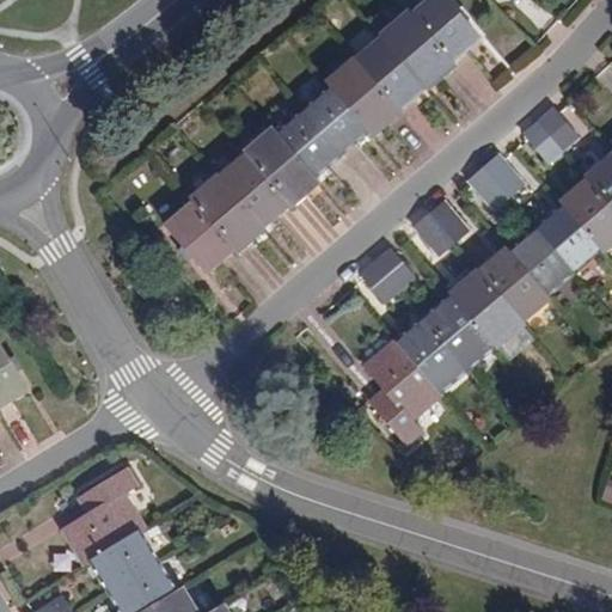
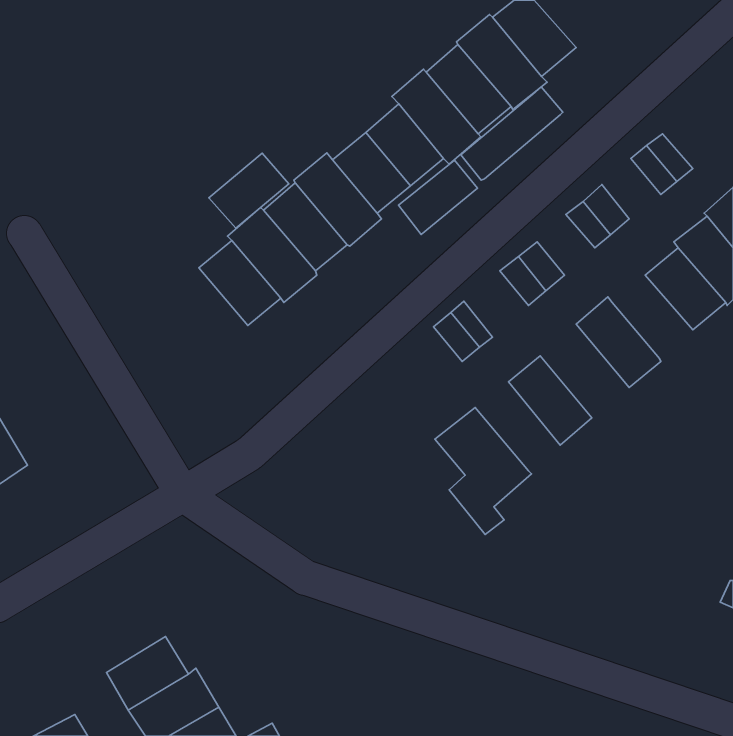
building: none -> [461,87,563,180]
building: none -> [209,153,289,228]
building: none -> [398,160,477,235]
building: [508,228,575,298] -> none
building: [446,268,525,350] -> none
building: [396,317,465,391] -> none
building: [57,463,145,563] -> none

